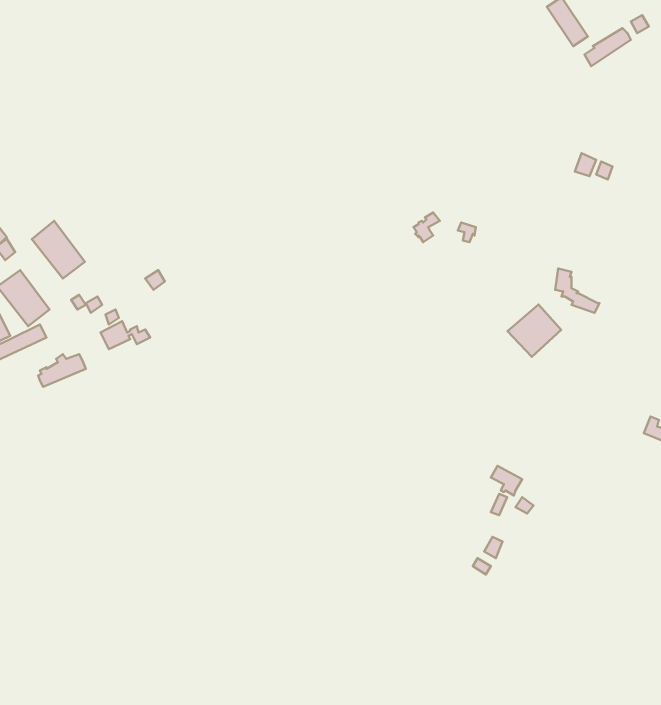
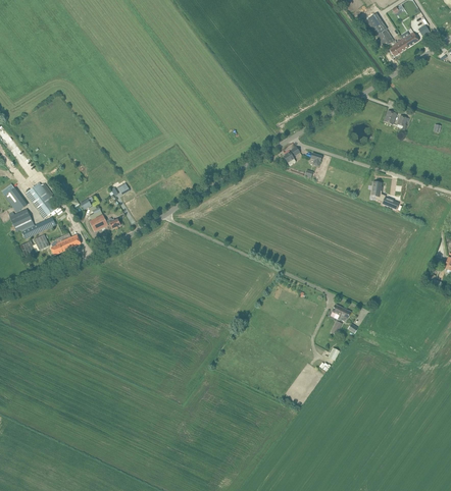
building: [32,221,85,278] -> none
building: [508,305,561,357] -> none

